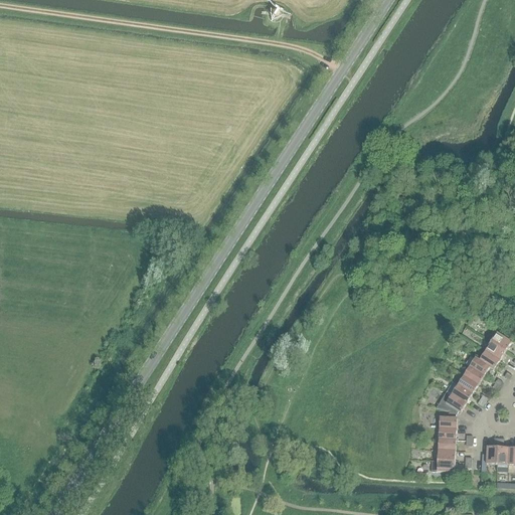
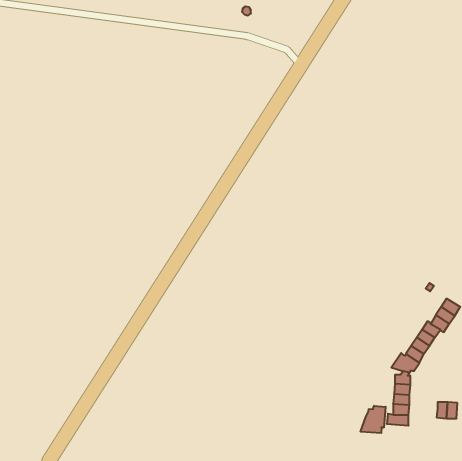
building: none -> [361,406,386,433]

